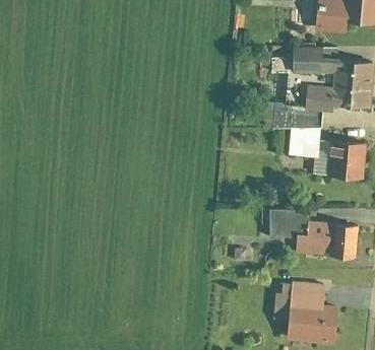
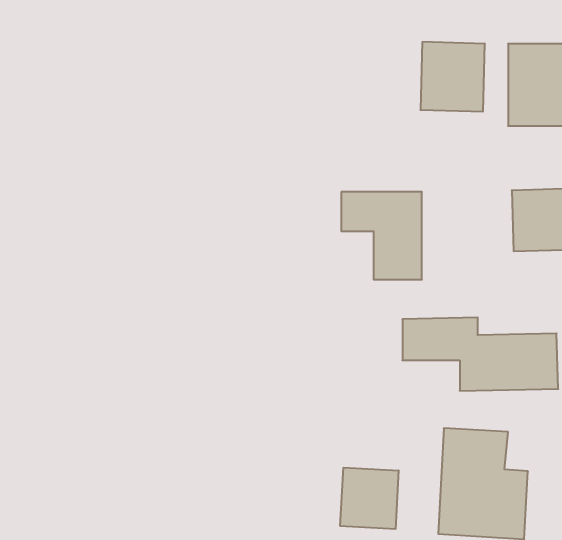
building: [273,108,319,157] -> [341,192,422,280]
building: none -> [340,468,399,529]

